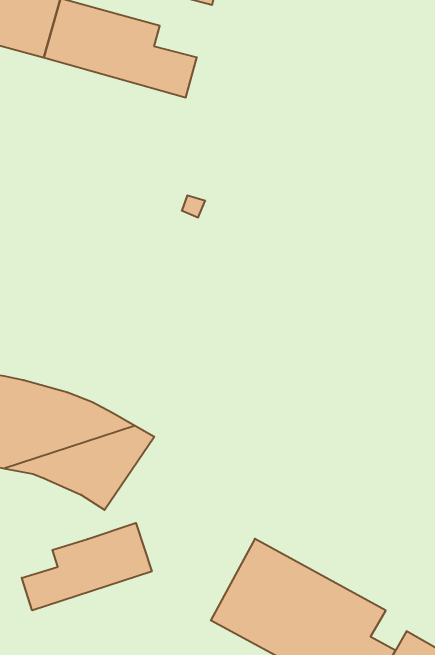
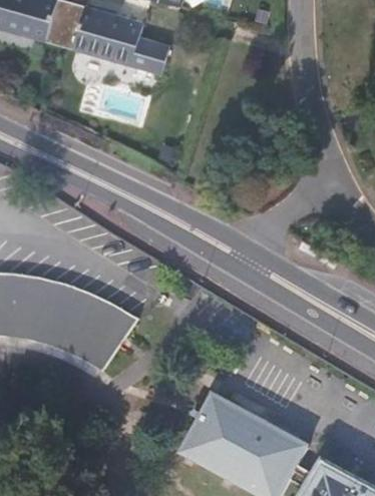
building: [22,523,152,610] -> none

